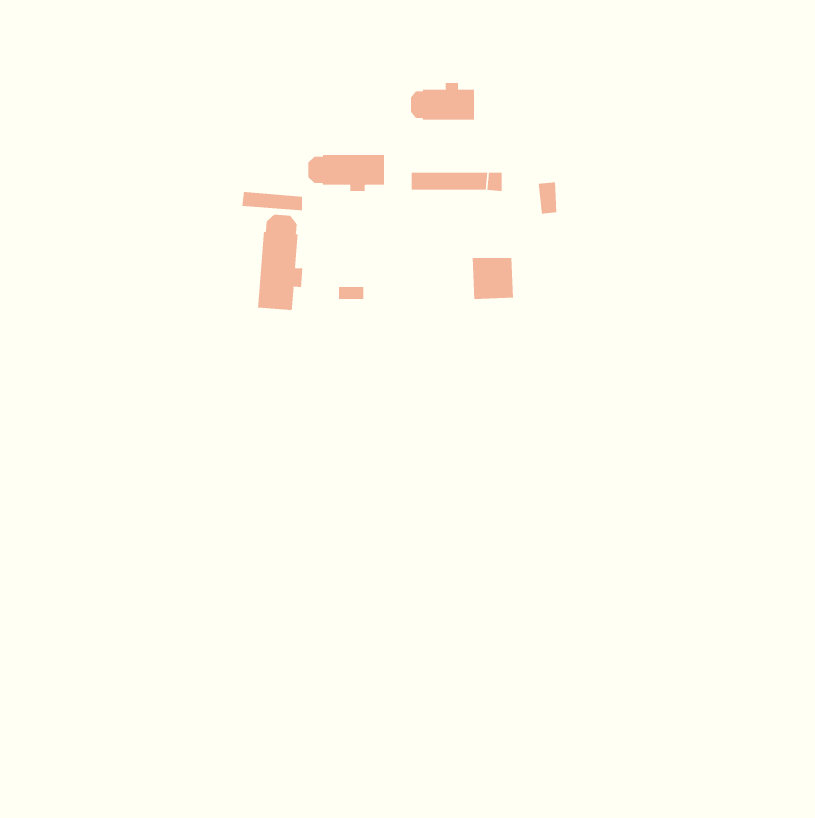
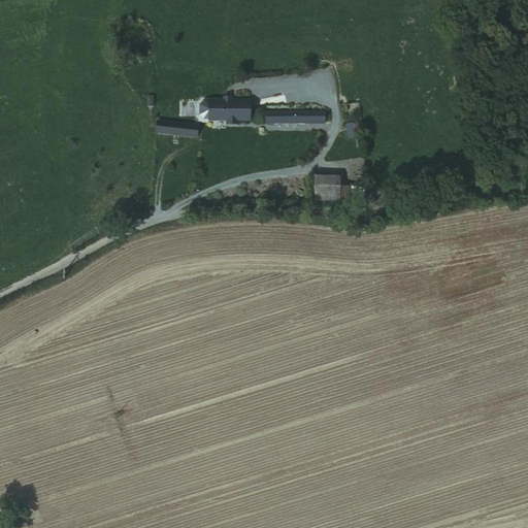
building: [410,82,475,121] -> none
building: [258,214,303,311] -> none

